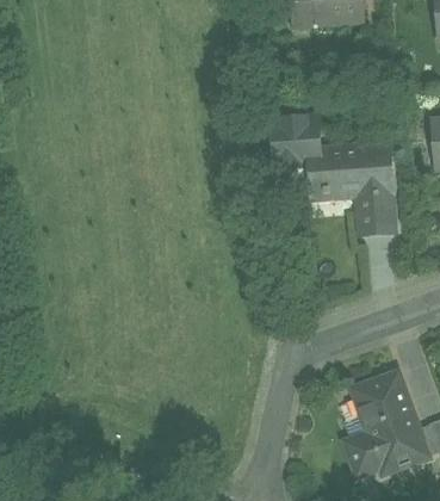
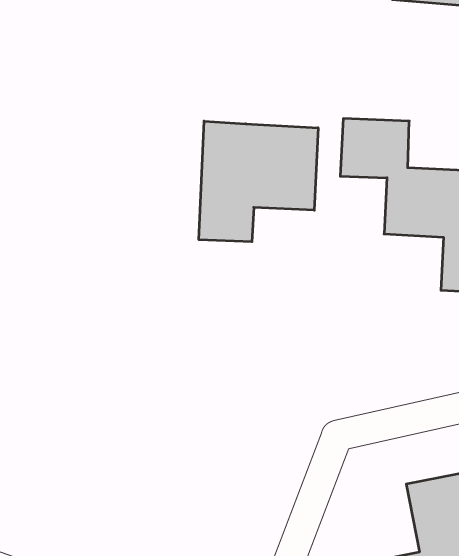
building: none -> [199,121,318,242]

